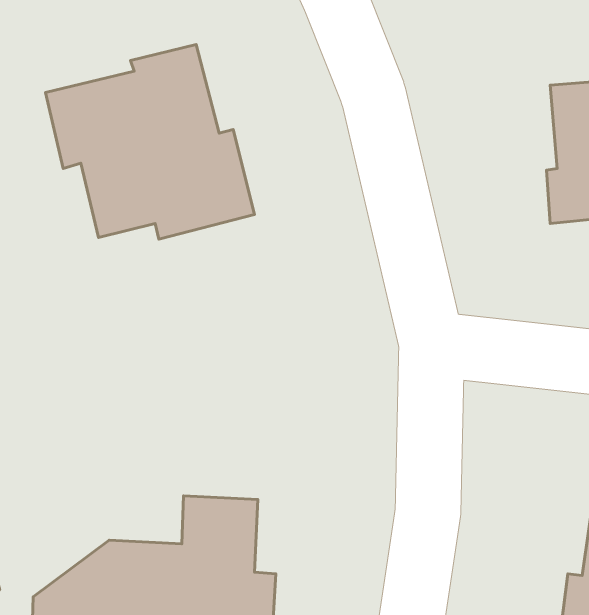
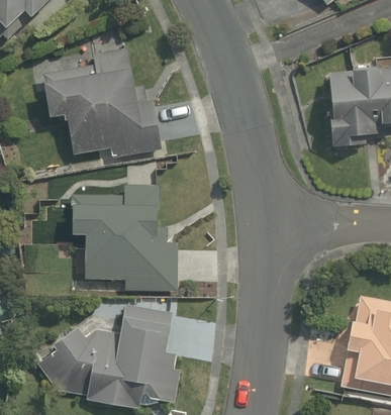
building: none -> [68,184,175,291]

